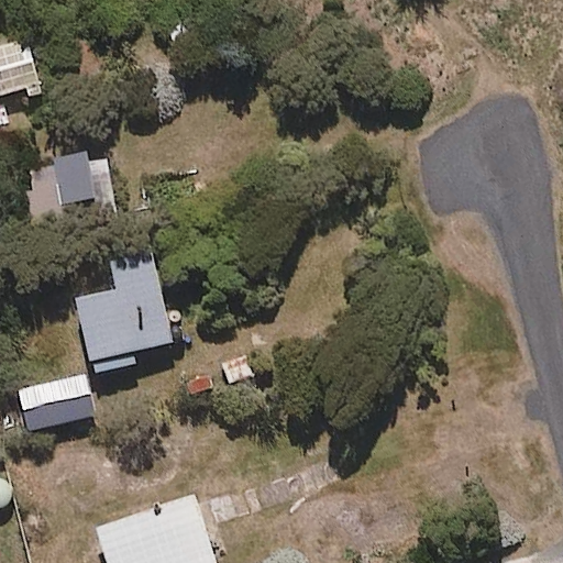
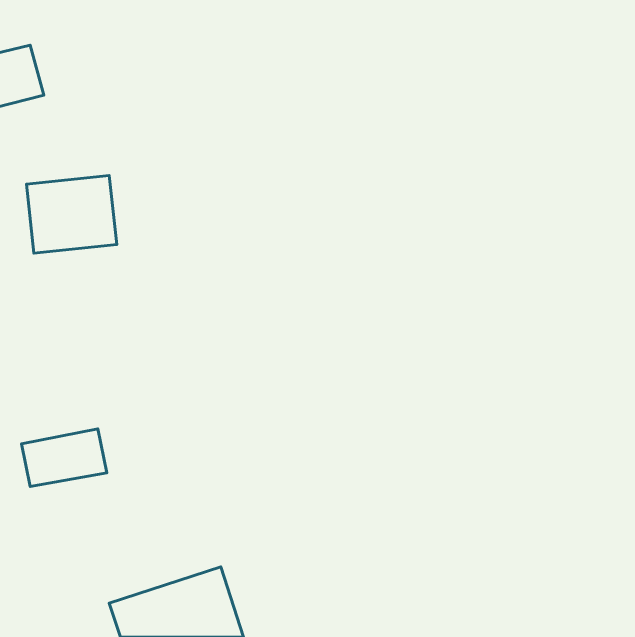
building: [79,254,170,372] -> none

